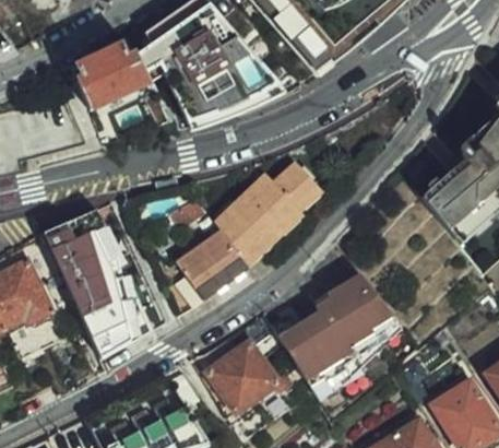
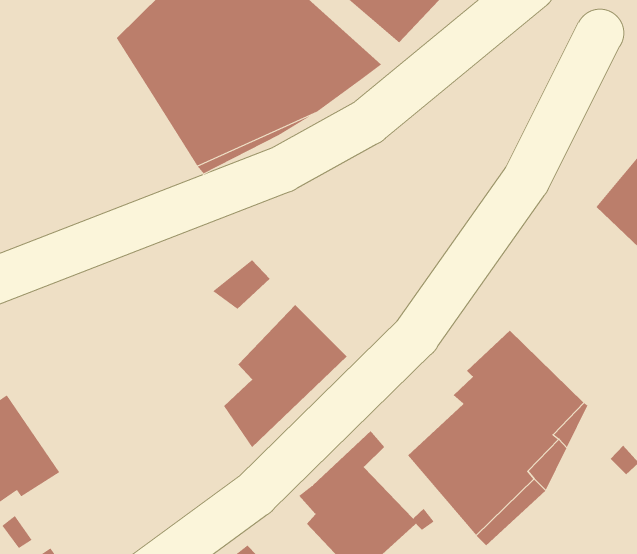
building: [72,42,150,108] -> none
building: [215,160,326,267] -> none
building: [44,209,153,359] -> none

